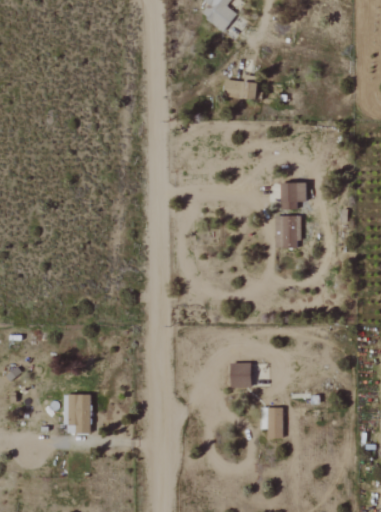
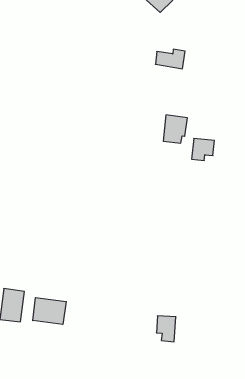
building: [275,214,302,247] -> [163,115,187,143]
building: [231,361,253,386] -> none
building: none -> [33,298,66,324]

